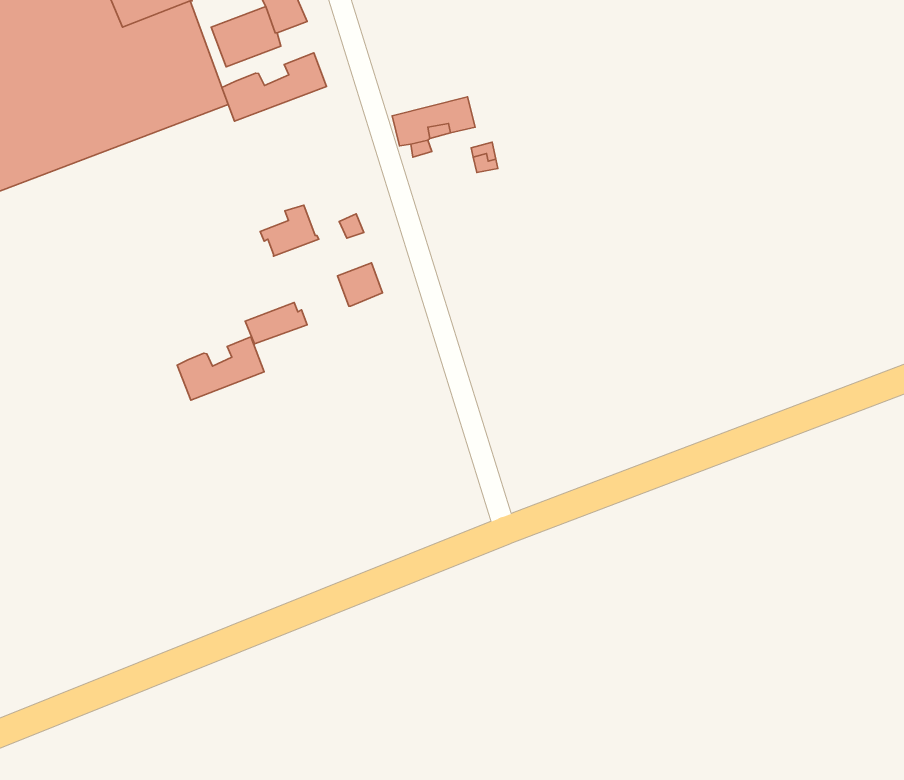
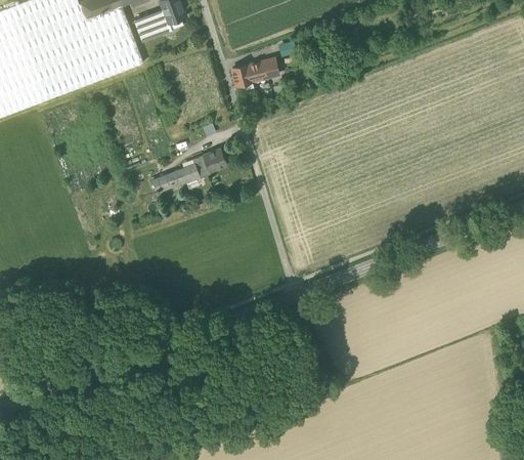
building: [222,53,327,121] -> none
building: [260,205,319,256] -> [178,156,210,183]
building: [177,337,264,400] -> none

